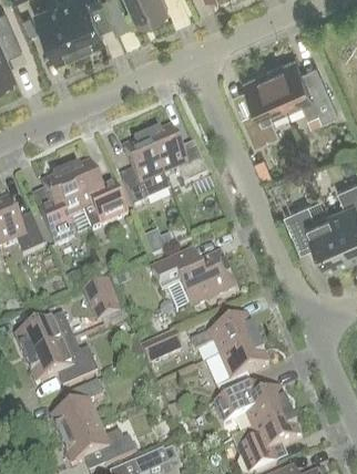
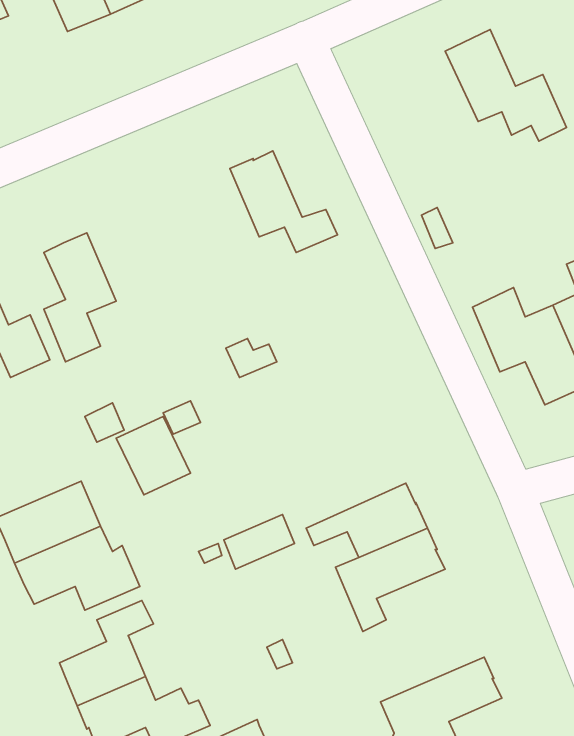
building: [243,69,287,145] -> none
building: [122,135,170,205] -> none
building: [65,161,125,224] -> none
building: [151,254,234,306] -> none
building: [213,387,290,429] -> none

